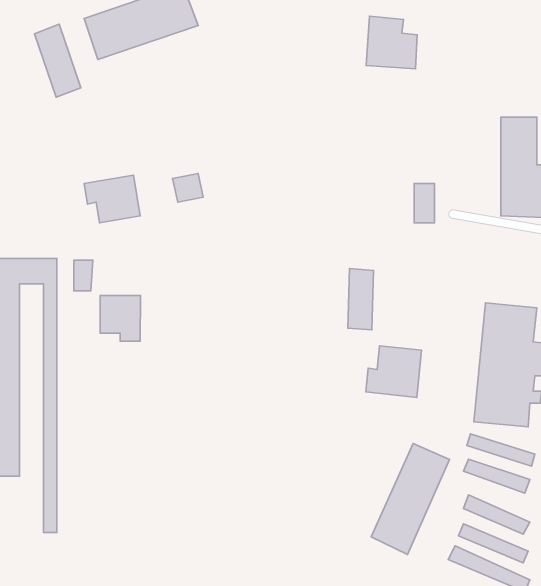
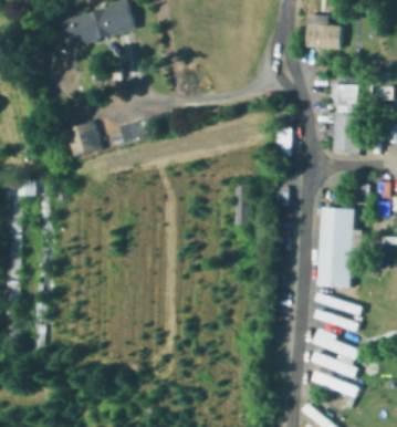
building: [366,16,417,69] -> [309,15,342,50]
building: [35,24,81,97] -> none
building: [100,295,141,341] -> none
building: [366,346,422,397] -> none
building: [371,444,450,555] -> none

